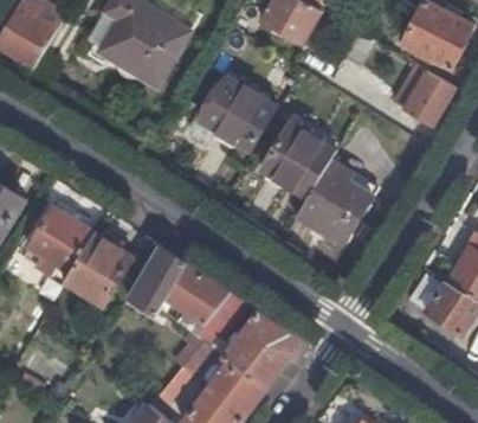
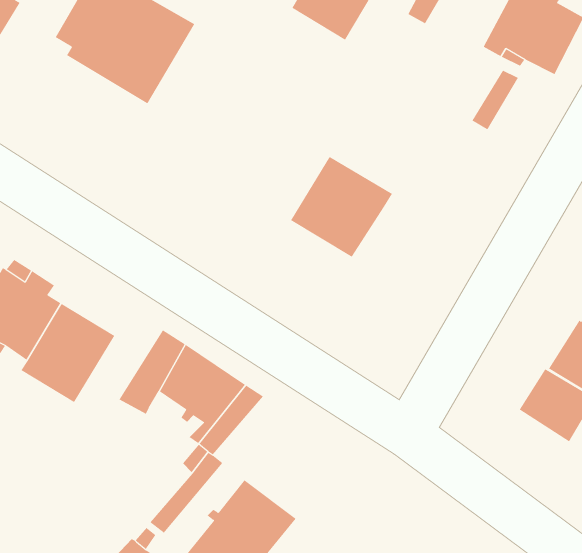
building: [403,69,453,123] -> none
building: [192,82,273,149] -> none
building: [295,162,370,246] -> none
building: [222,310,293,389] -> none

